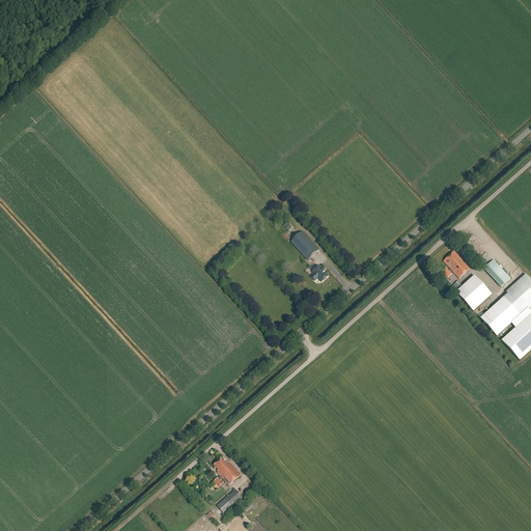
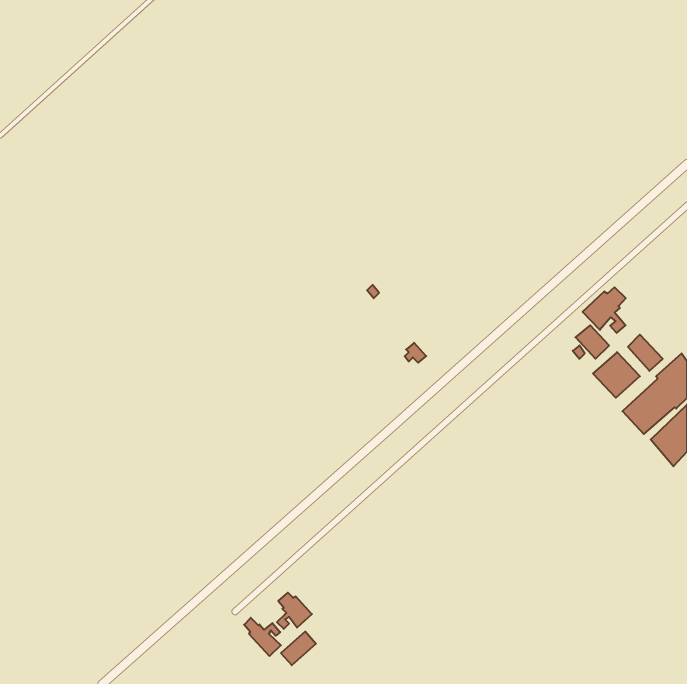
building: none -> [583,287,626,333]
building: [290,229,319,259] -> none
building: none -> [244,618,281,656]

